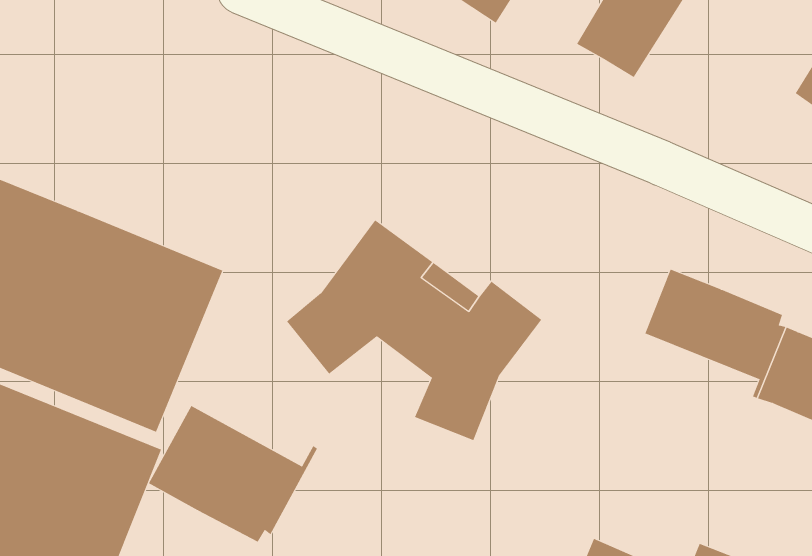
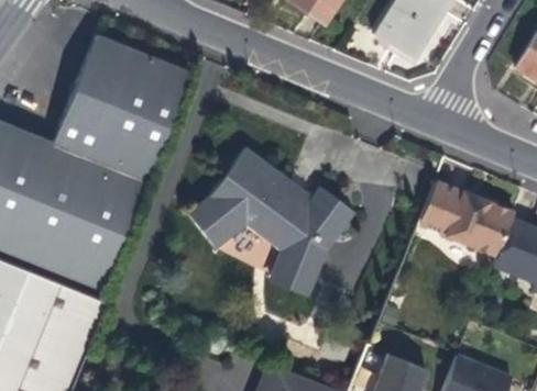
building: none -> [52,34,187,181]
building: [148,405,318,543] -> none

